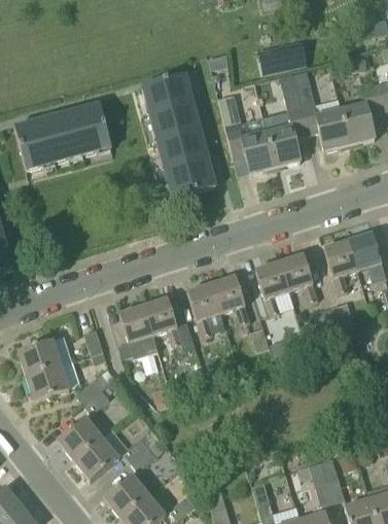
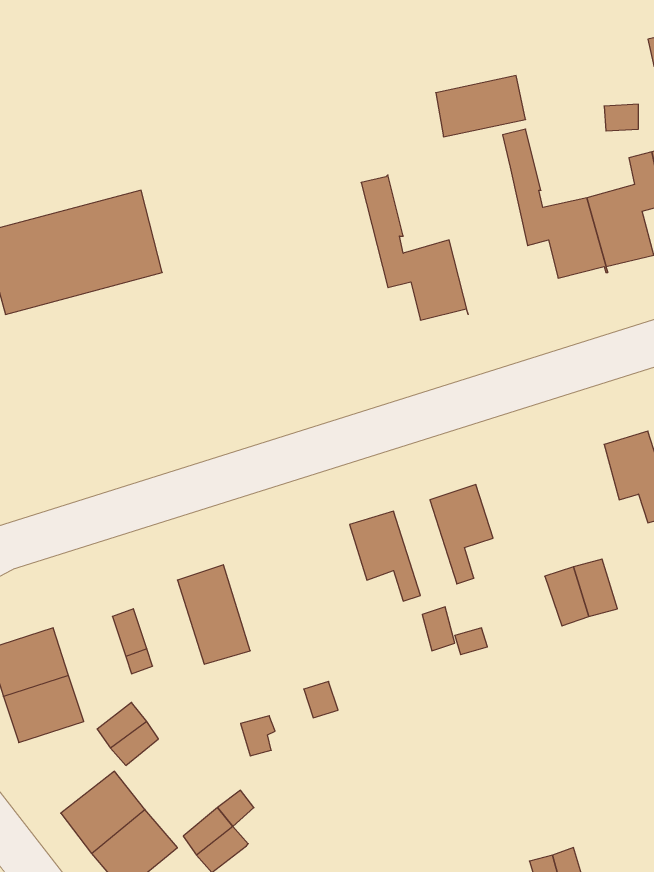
building: [142,73,216,198] -> none
building: [266,91,308,170] -> none
building: [324,240,357,293] -> none
building: [280,253,318,302] -> none
building: [187,283,221,337] -> none
building: [144,298,182,351] -> none

